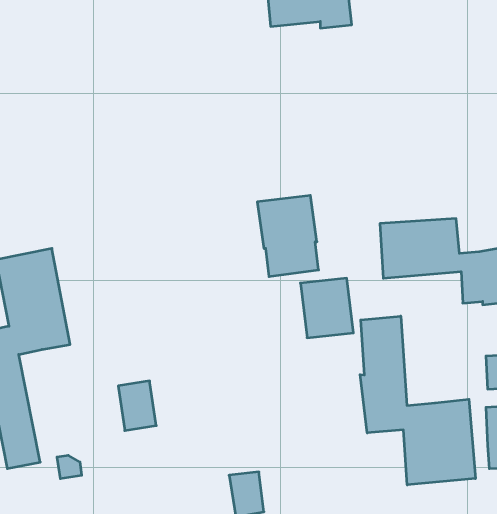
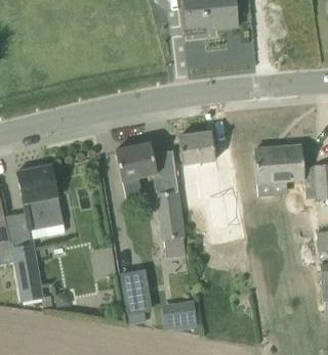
building: none -> [116,142,187,259]
building: [360,316,475,485] -> none
building: none -> [121,270,152,315]

